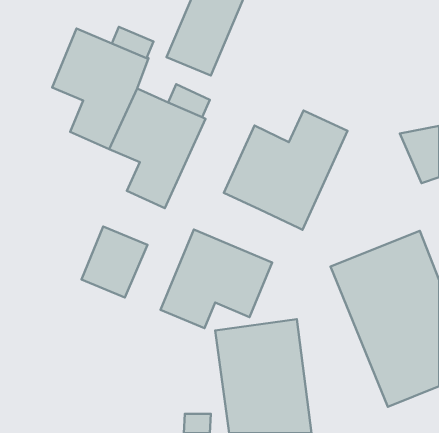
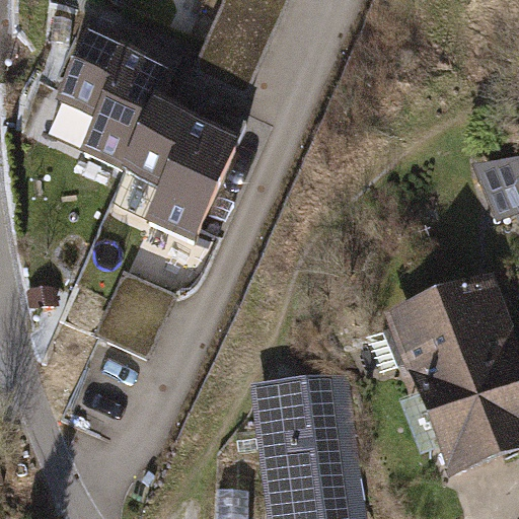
building: [224,111,348,230] -> none
building: [161,229,272,328] -> none

